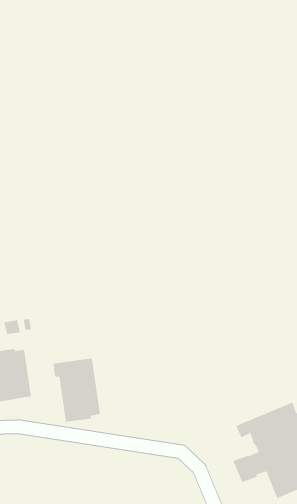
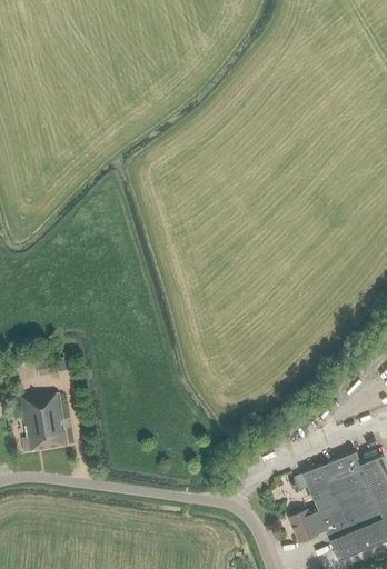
building: [53,358,101,423] -> none

